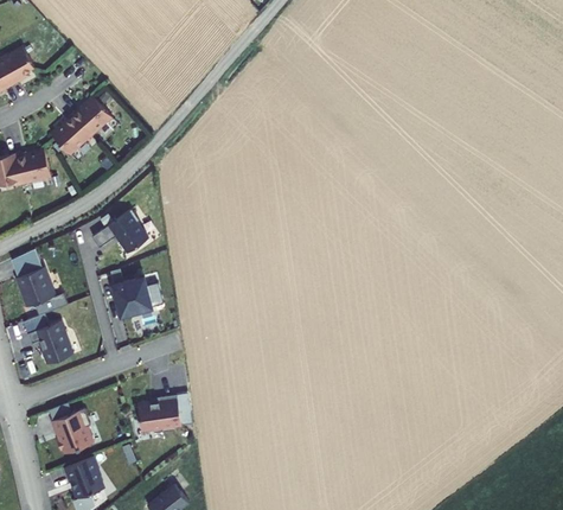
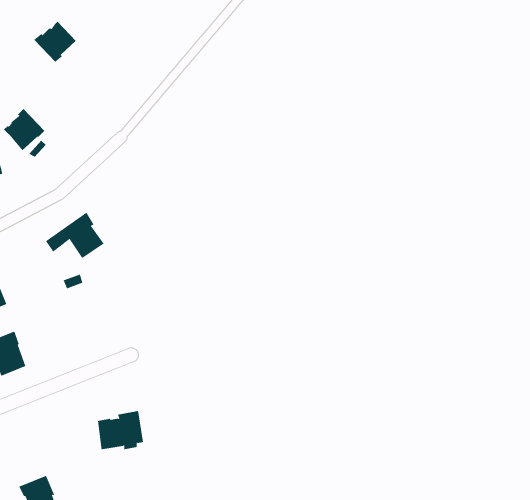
building: [70,95,110,134] -> [34,21,77,62]
building: [113,278,152,317] -> none
building: [53,409,91,453] -> none

